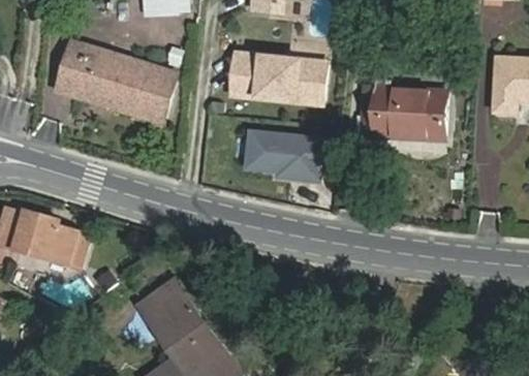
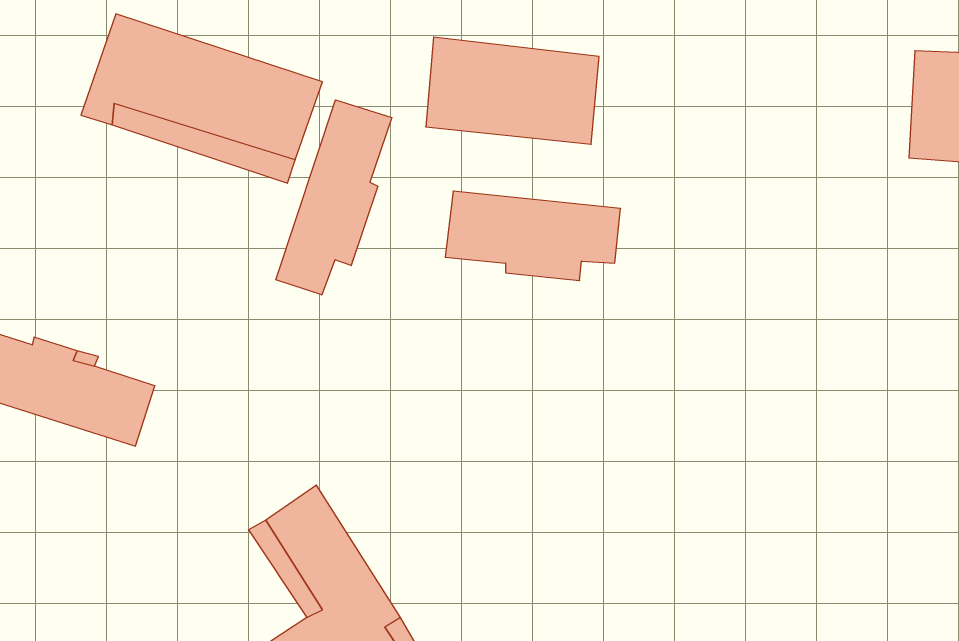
building: none -> [276,100,392,295]
building: [360,84,445,140] -> none

